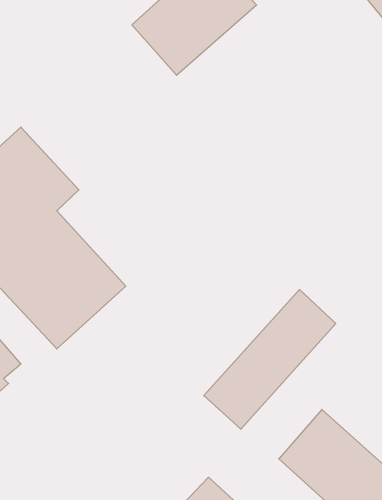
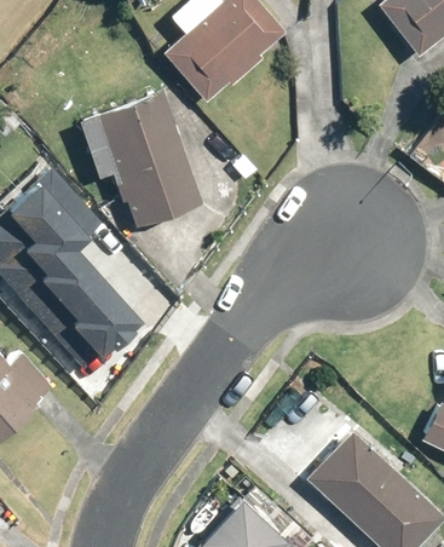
building: none -> [96,91,204,228]
building: [204,290,336,429] -> none

